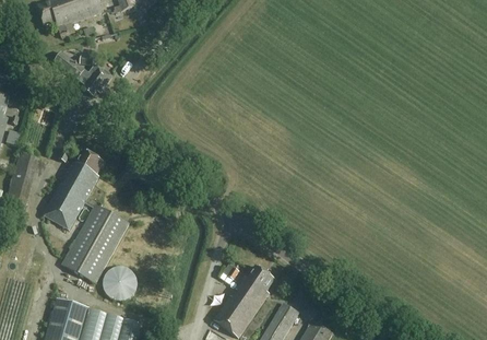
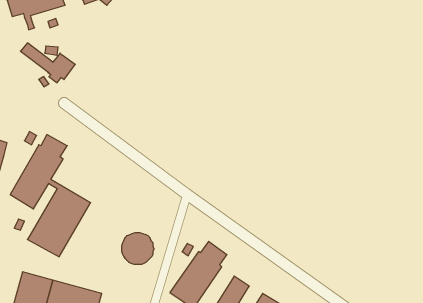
building: [103,266,138,300] -> [122,233,154,264]

